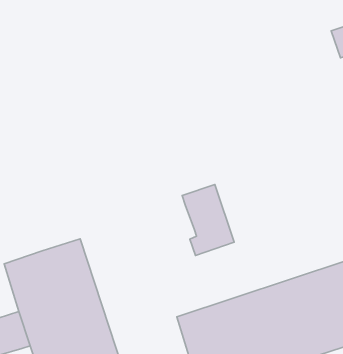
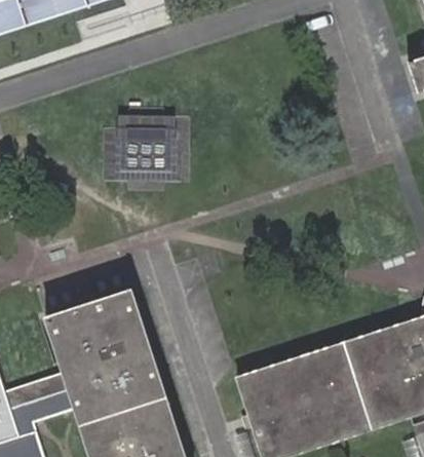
building: none -> [117,109,193,178]
building: [182,184,234,255] -> none

